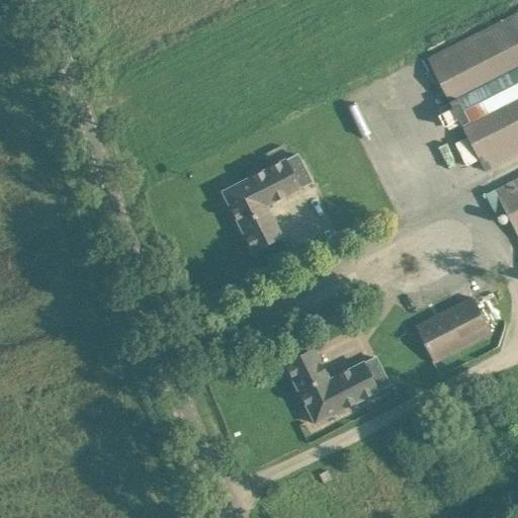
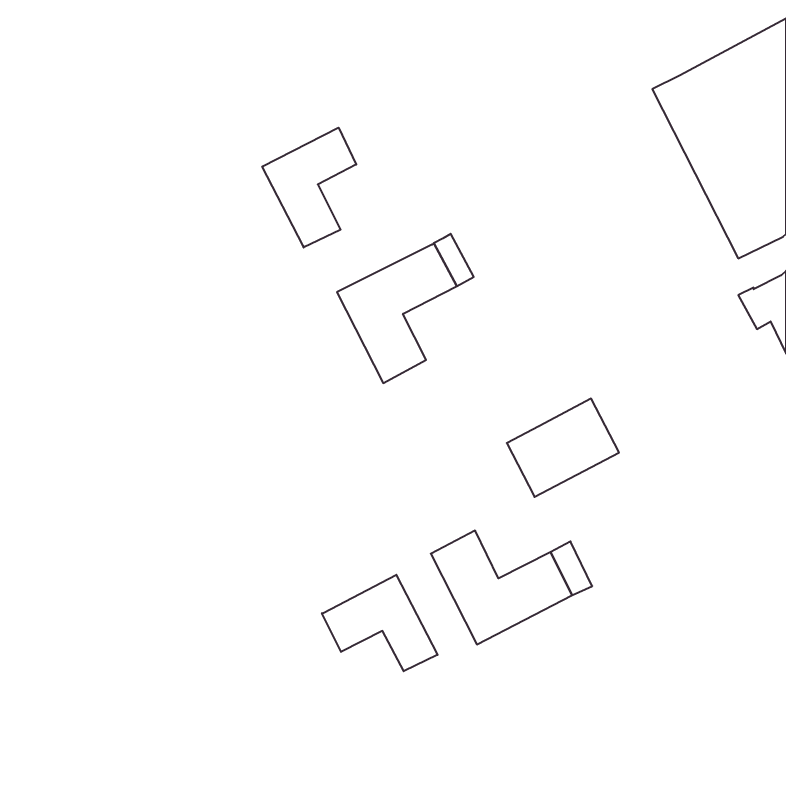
building: none -> [262,128,356,248]
building: [418,297,492,362] -> [507,399,619,497]
building: none -> [322,575,438,671]

